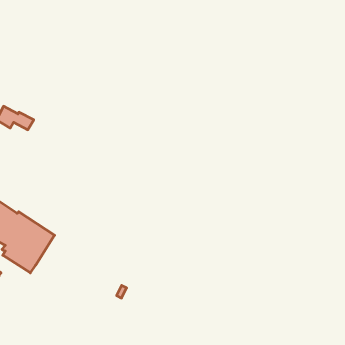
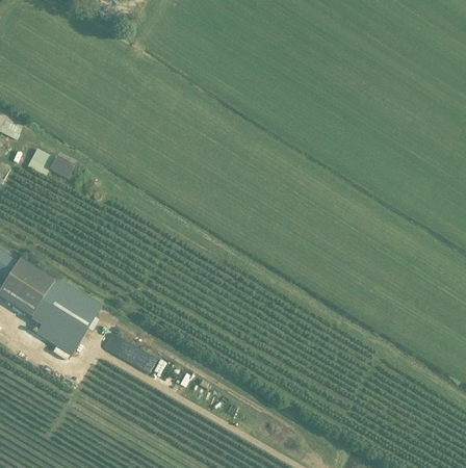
building: none -> [104,335,170,378]

